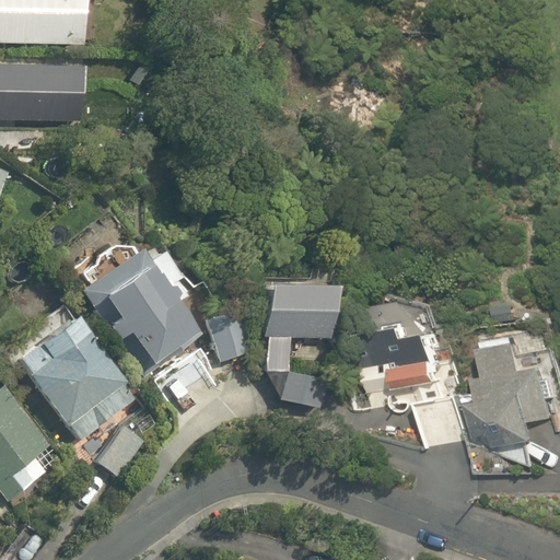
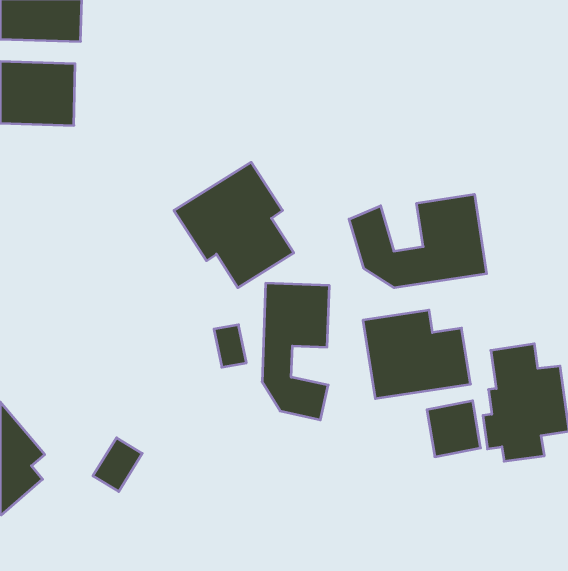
building: none -> [349,194,487,288]
building: [83,246,200,369] -> [174,162,294,288]
building: [13,314,136,442] -> none

